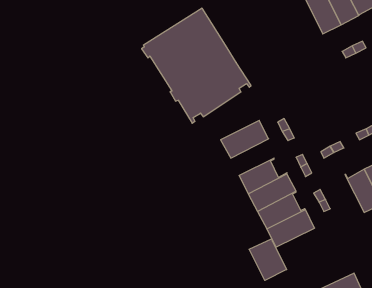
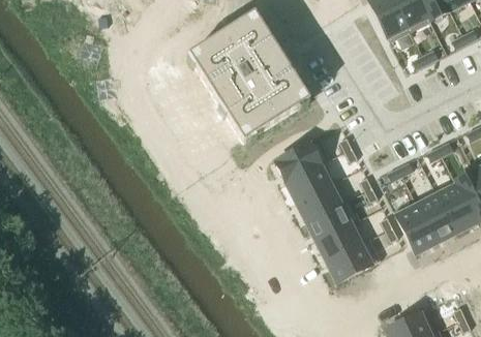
building: none -> [285,159,334,201]
building: none -> [393,200,435,253]
building: [249,239,287,280] -> none

